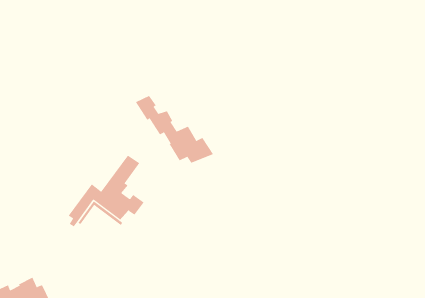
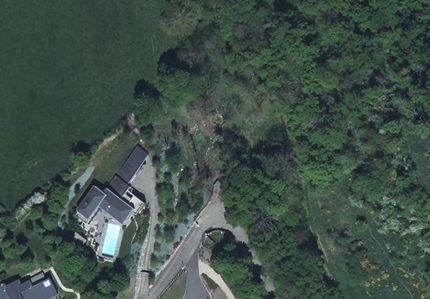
building: [135,95,214,164] -> none

